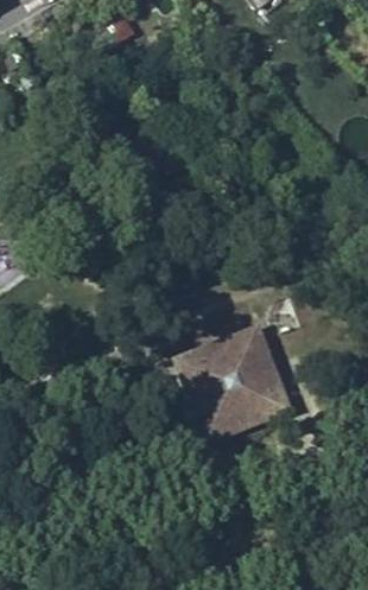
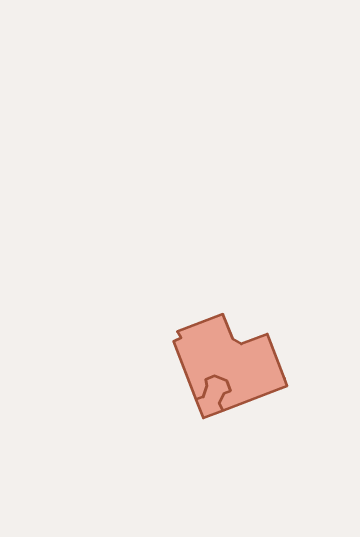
building: [223,326,266,367] -> none

